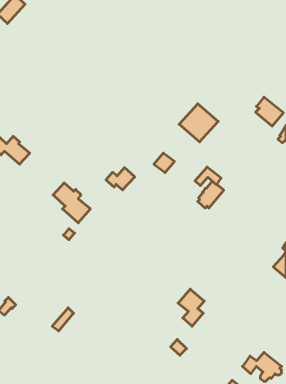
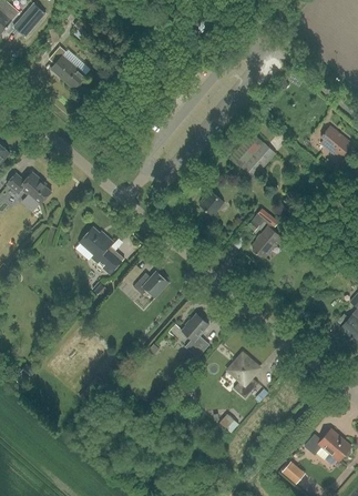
building: none -> [49,44,84,87]
building: [106,168,135,190] -> [132,271,166,297]
building: none -> [181,313,208,357]

